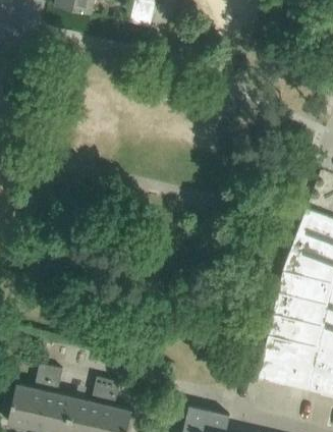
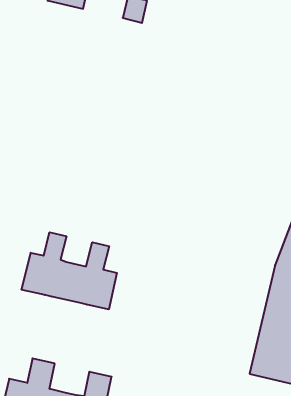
building: none -> [22,232,117,309]

